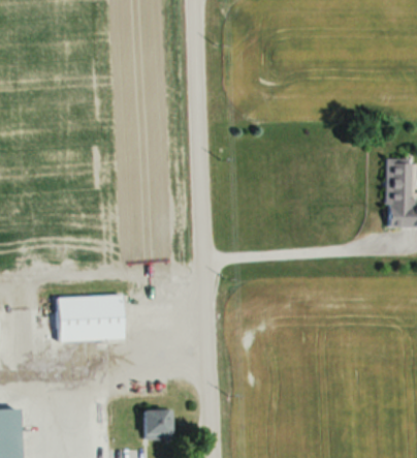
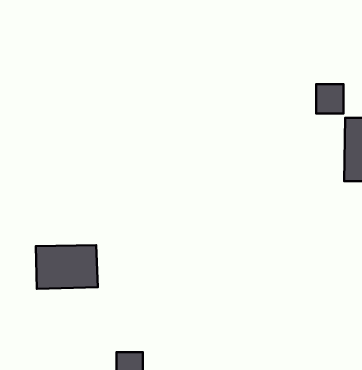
building: none -> [316,84,343,113]

